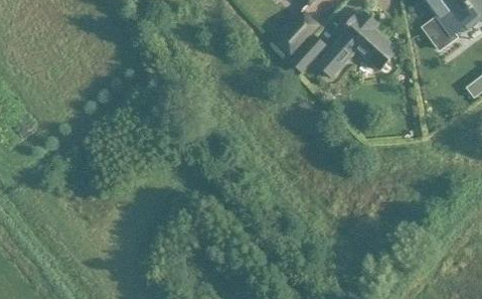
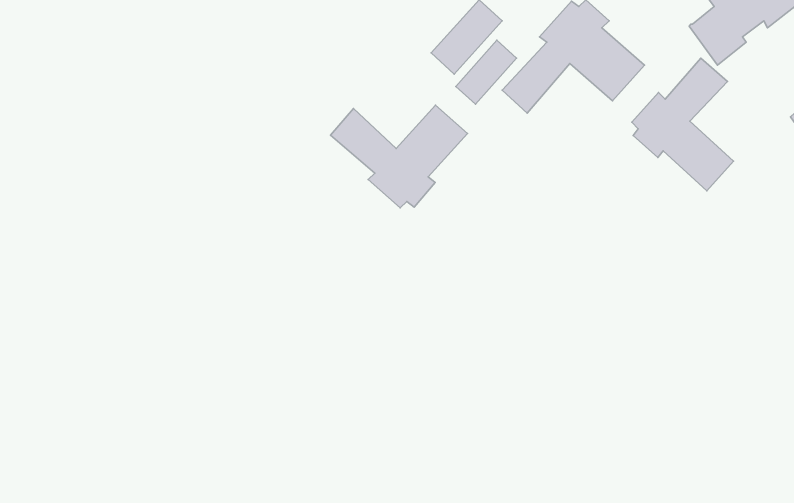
building: none -> [632,58,733,191]
building: none -> [330,105,468,208]

